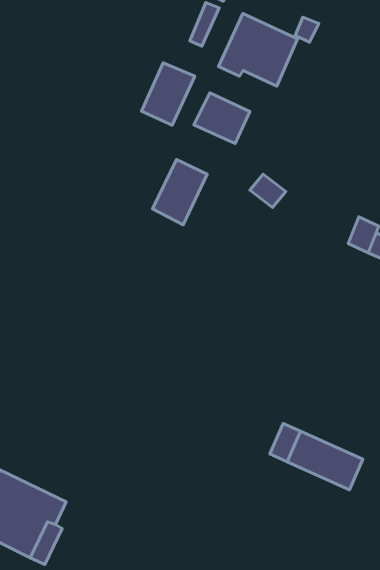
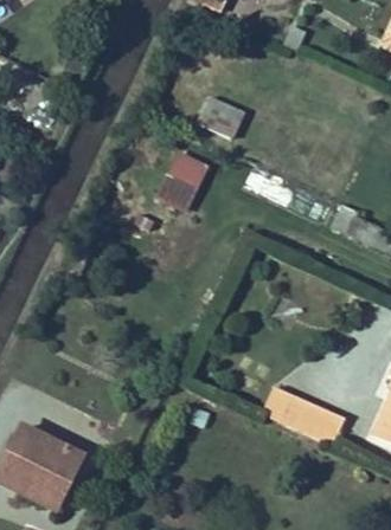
building: [219,14,297,86] -> none
building: [142,63,195,125] -> none

